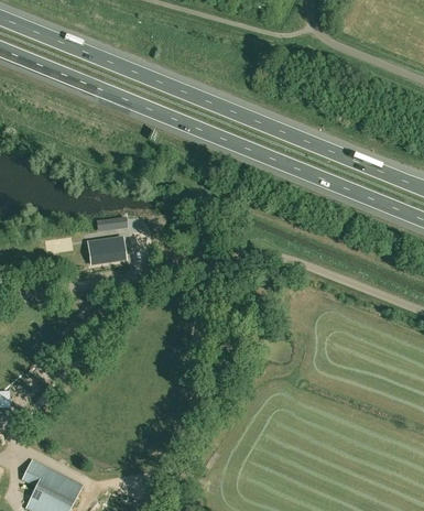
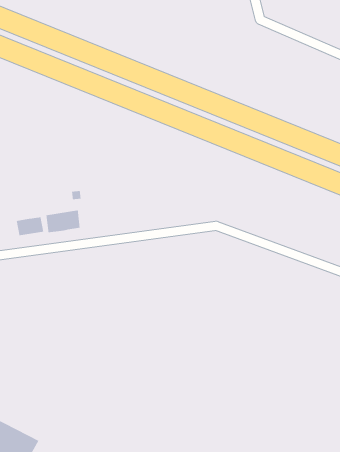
building: none -> [16,217,44,236]

